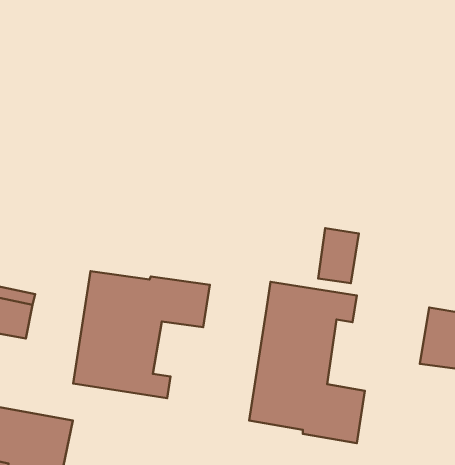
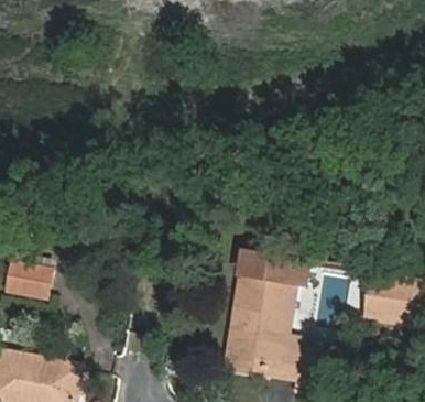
building: [318,228,359,283] -> none
building: [73,271,210,398] -> none

